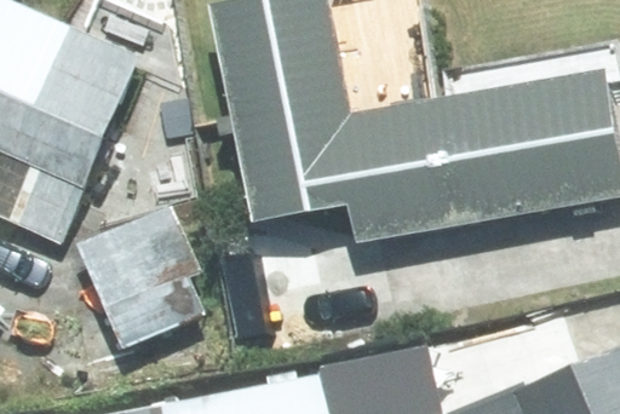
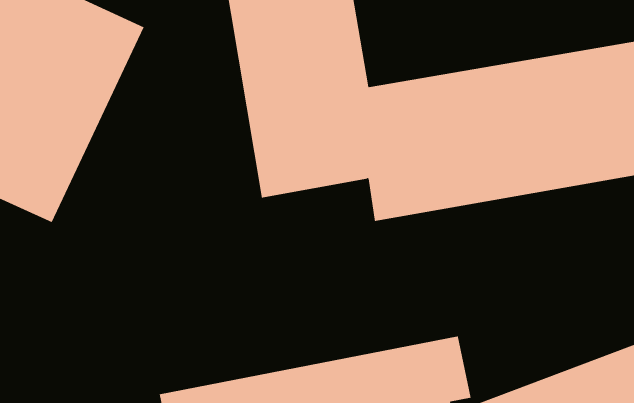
building: [78,207,211,346] -> none

